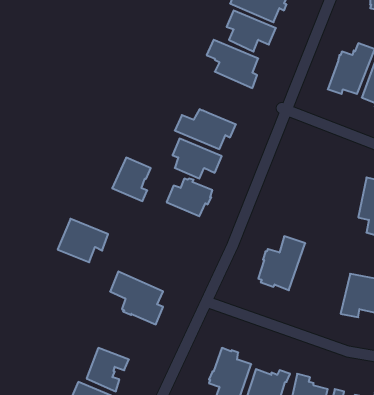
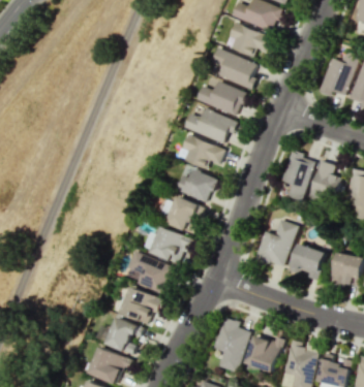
building: none -> [195,80,246,116]
building: none -> [280,151,314,201]
building: [112,158,151,201] -> [165,196,200,234]
building: none -> [307,160,341,203]
building: [58,219,108,262] -> [149,226,193,264]
building: none -> [289,244,327,281]
building: none -> [119,287,163,324]

